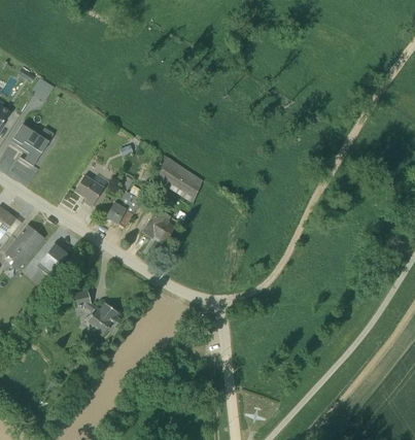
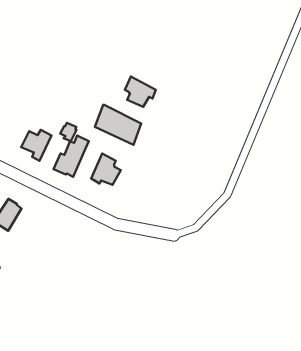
building: none -> [125,76,156,107]
building: [71,290,120,335] -> none

